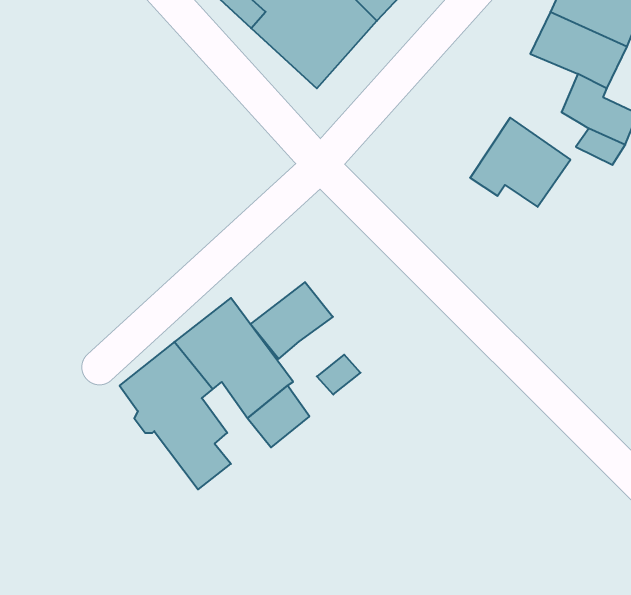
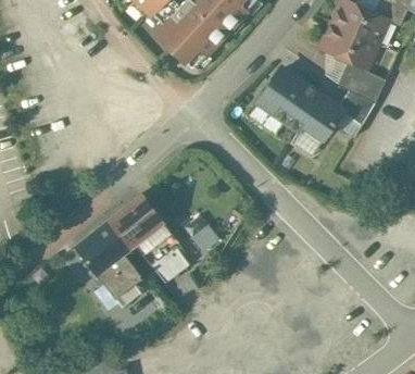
building: none -> [257,70,309,122]
building: [250,282,333,359] -> none

